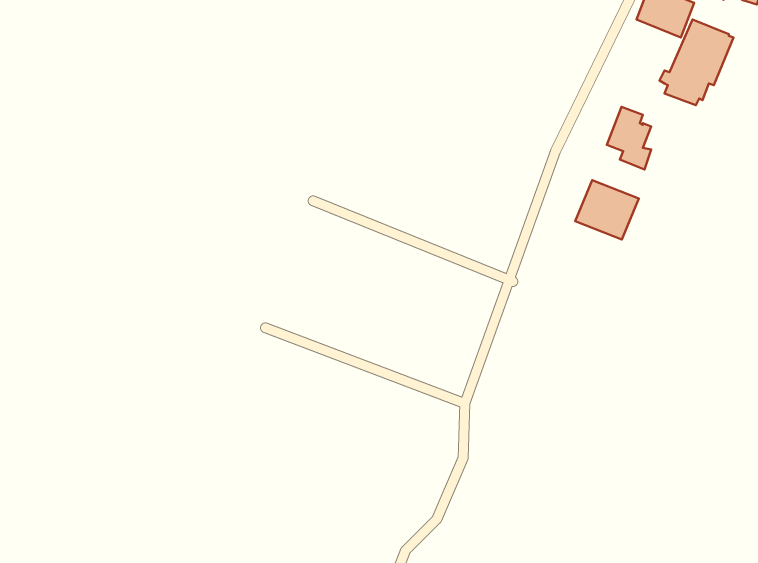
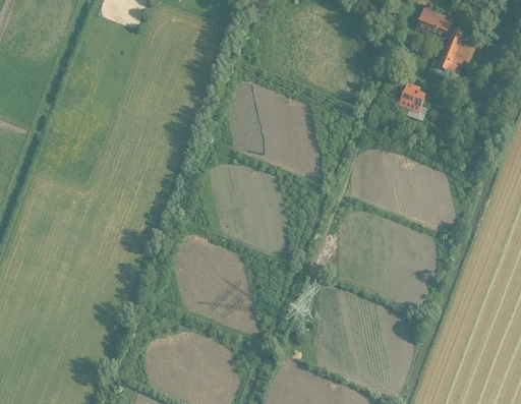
building: [575,180,639,239] -> none

